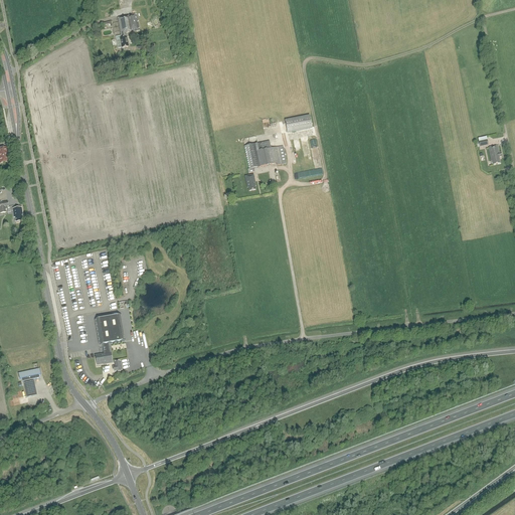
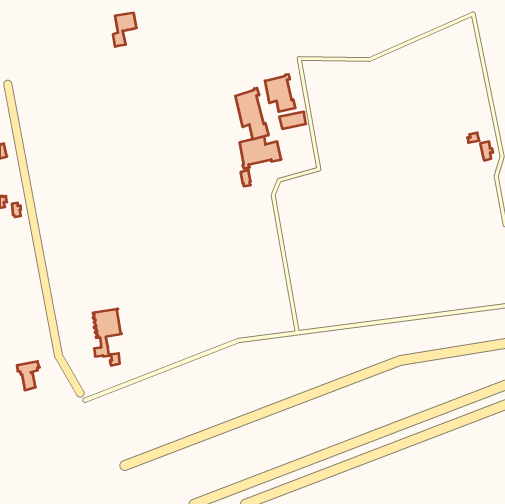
building: none -> [265,74,295,112]
building: none -> [235,88,268,139]

